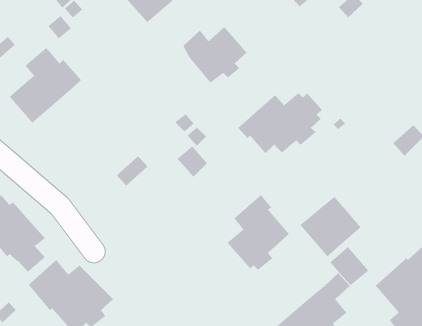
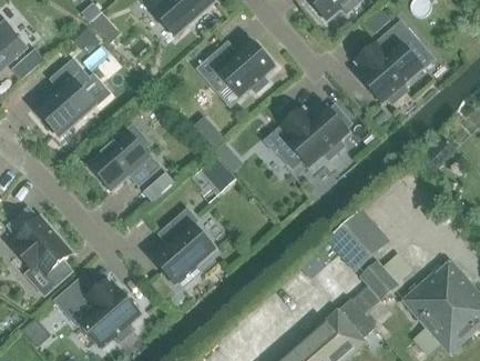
building: none -> [355,22,422,103]
building: none -> [88,126,160,191]
building: [227,194,290,270] -> [152,209,215,285]

